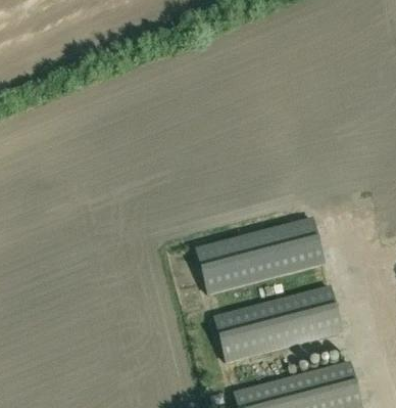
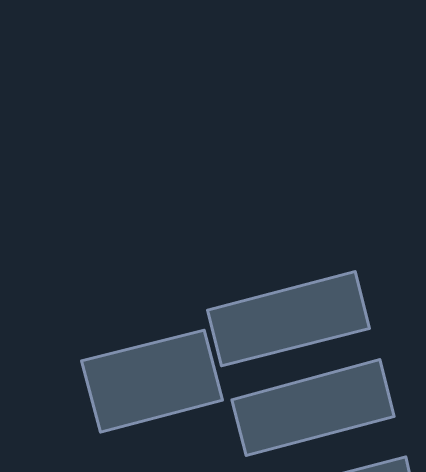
building: none -> [82,330,222,432]

